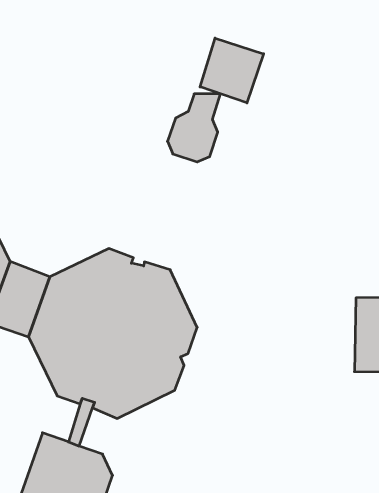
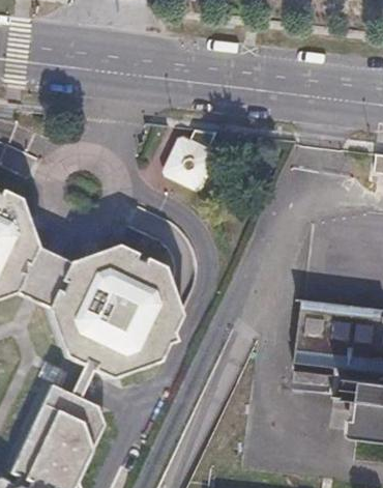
building: [200,38,264,103] -> none

